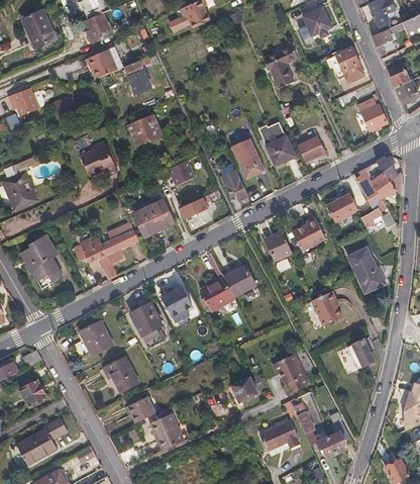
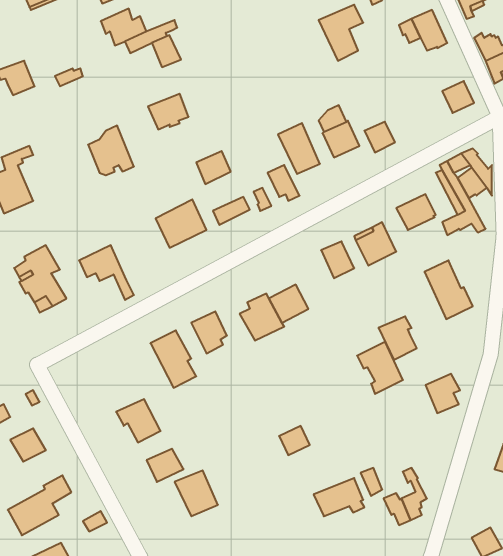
building: [98,213,138,262] -> none
building: [79,321,112,356] -> none
building: [272,353,308,394] -> [357,342,403,394]

